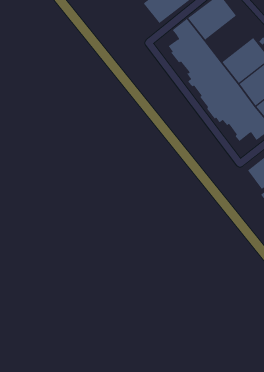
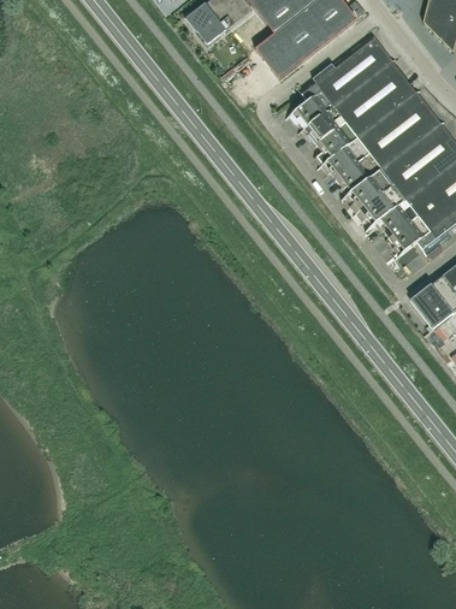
building: none -> [349,65,422,135]

